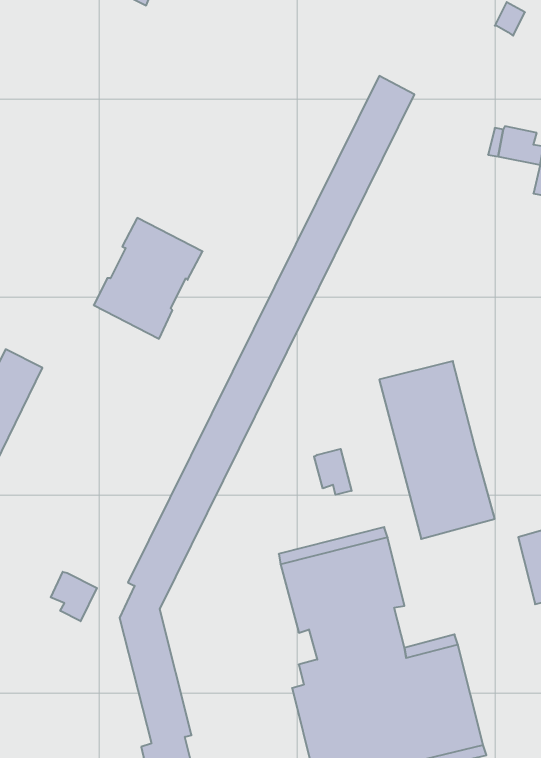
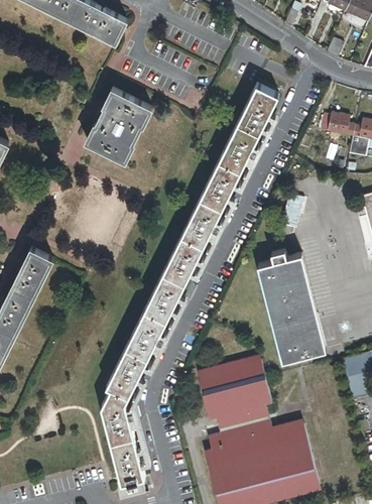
building: [94,218,203,339] -> [87,86,152,158]
building: [314,449,352,495] -> none
building: [51,572,97,621] -> none

